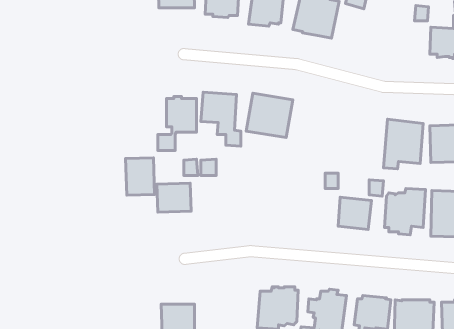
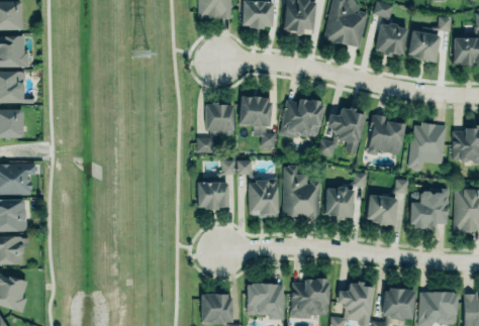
building: none -> [376,22,407,56]
building: none -> [408,30,441,62]
building: none -> [318,108,366,156]
building: none -> [368,113,405,155]
building: [126,158,155,195] -> none
building: none -> [283,164,320,215]
building: none -> [249,180,279,217]
building: none -> [325,188,354,218]
building: none -> [247,278,283,313]

